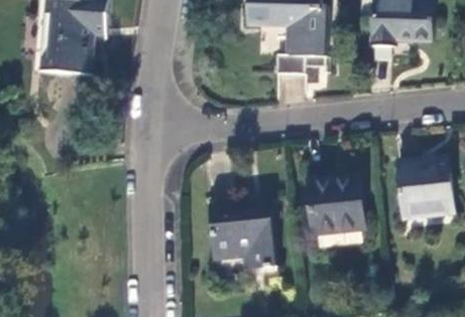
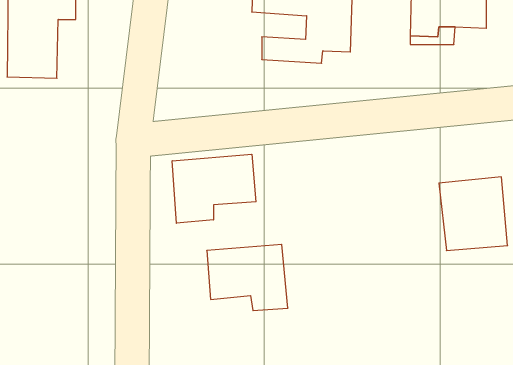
building: none -> [172,154,256,223]
building: [307,180,363,236] -> none

